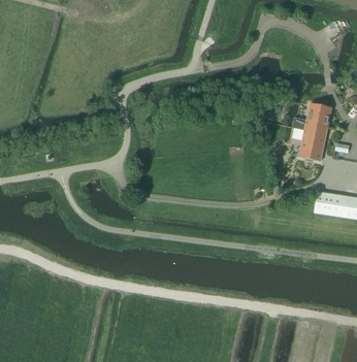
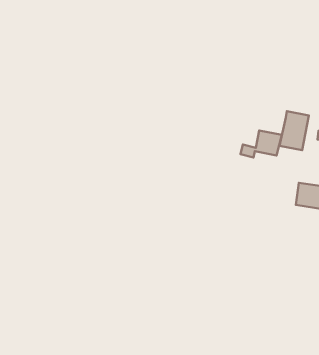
building: [292,103,331,129] -> [241,130,282,158]

